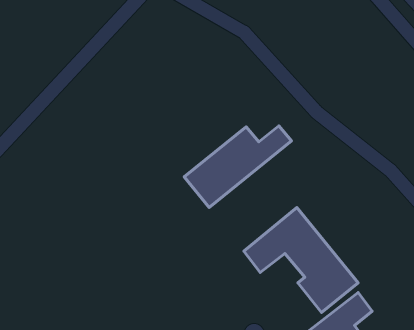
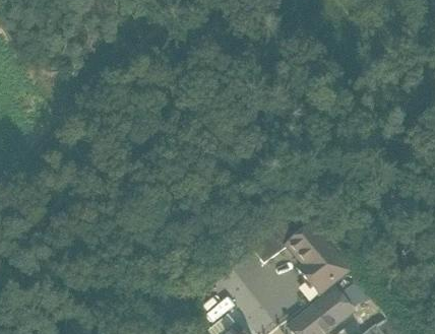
building: [184,126,291,208] -> none

